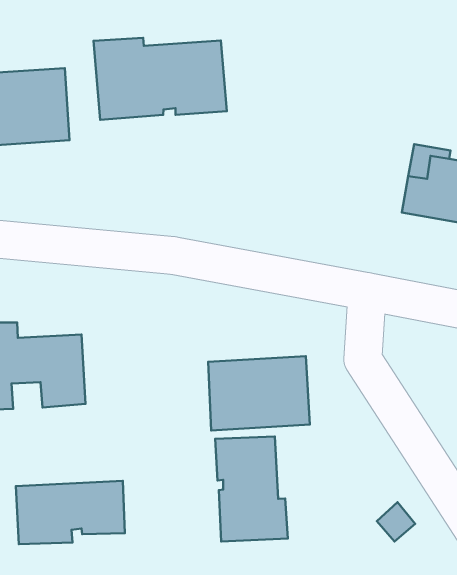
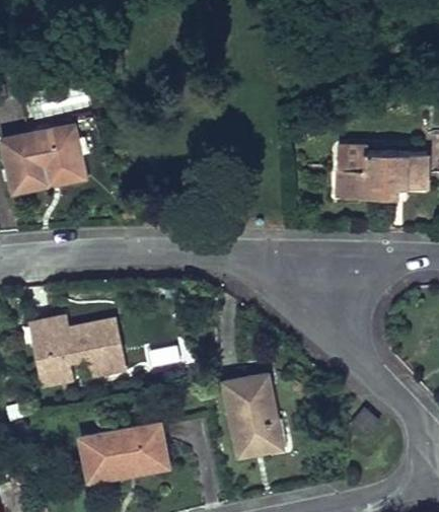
building: [93,38,227,120] -> none
building: [208,356,310,431] -> none

